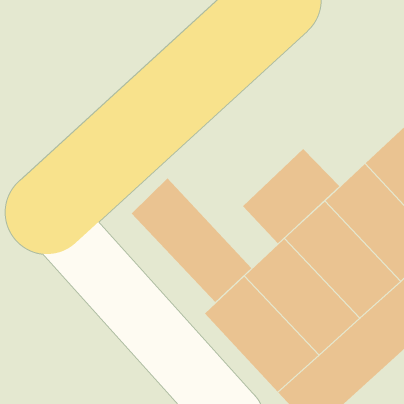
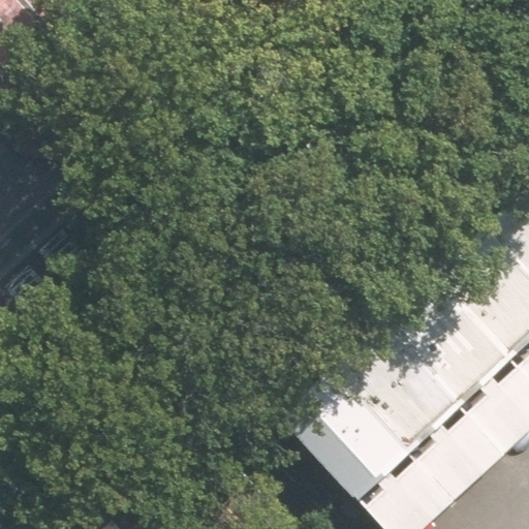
building: [242,148,340,244] -> none
building: [131,177,252,303] -> none

